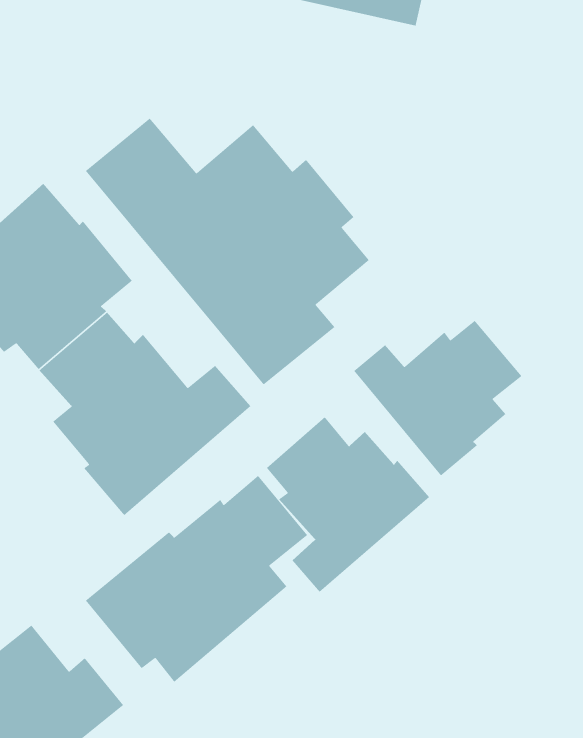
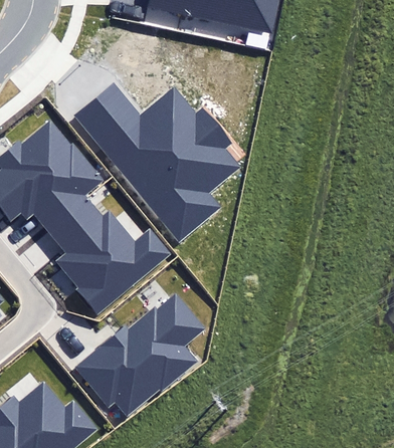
building: [353,320,523,477] -> none
building: [266,416,430,593] -> none

